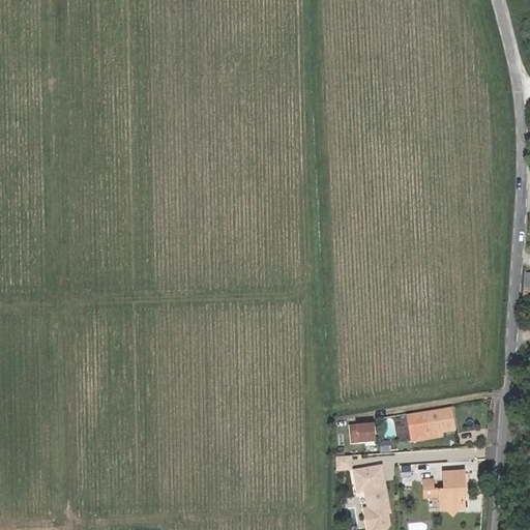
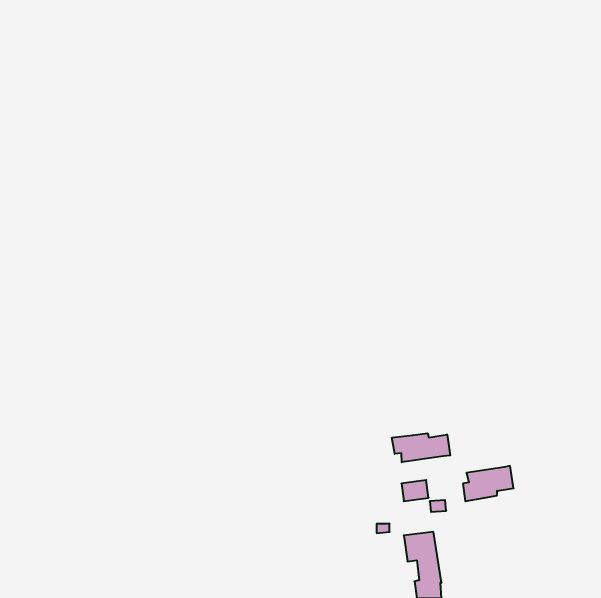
building: none -> [392,433,450,462]
building: [422,470,461,513] -> none

